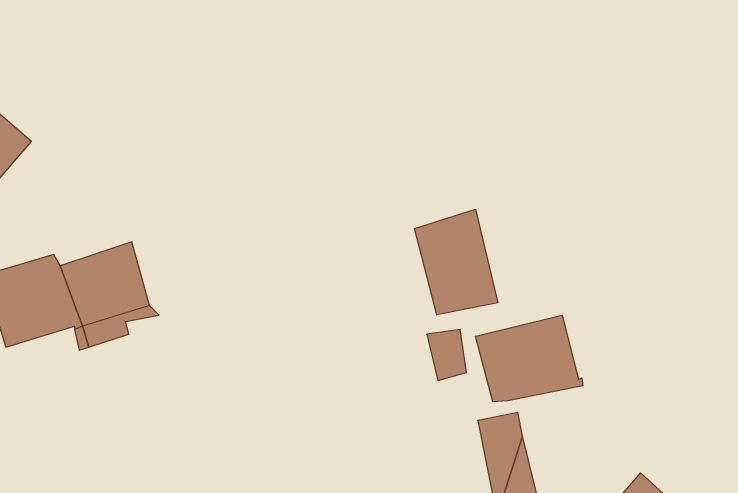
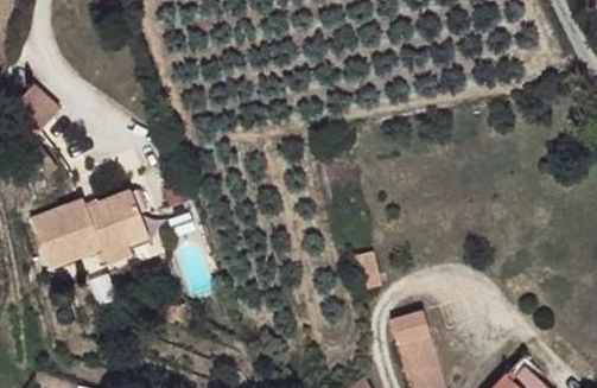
building: [415,209,498,315] -> none
building: [476,315,583,402] -> none

